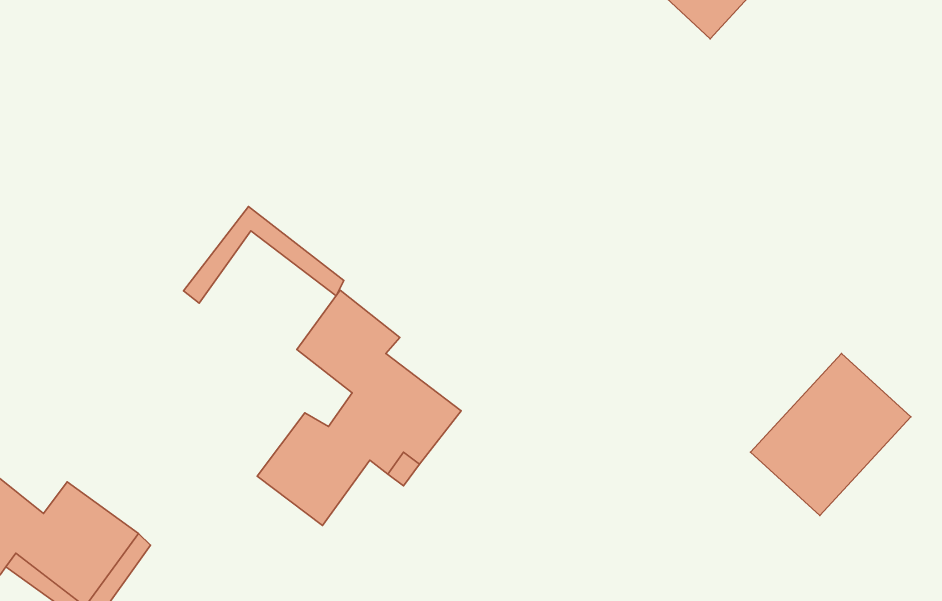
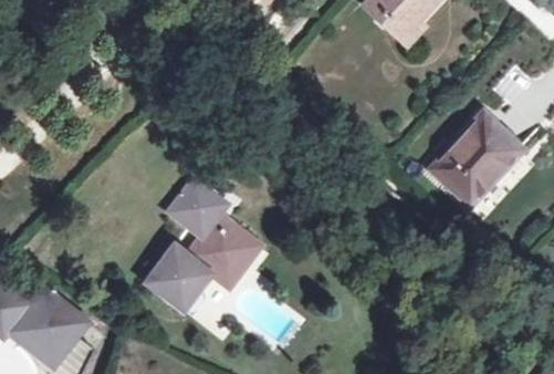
building: [183,206,344,303] -> none
building: [750,353,911,516] -> [432,115,522,206]

